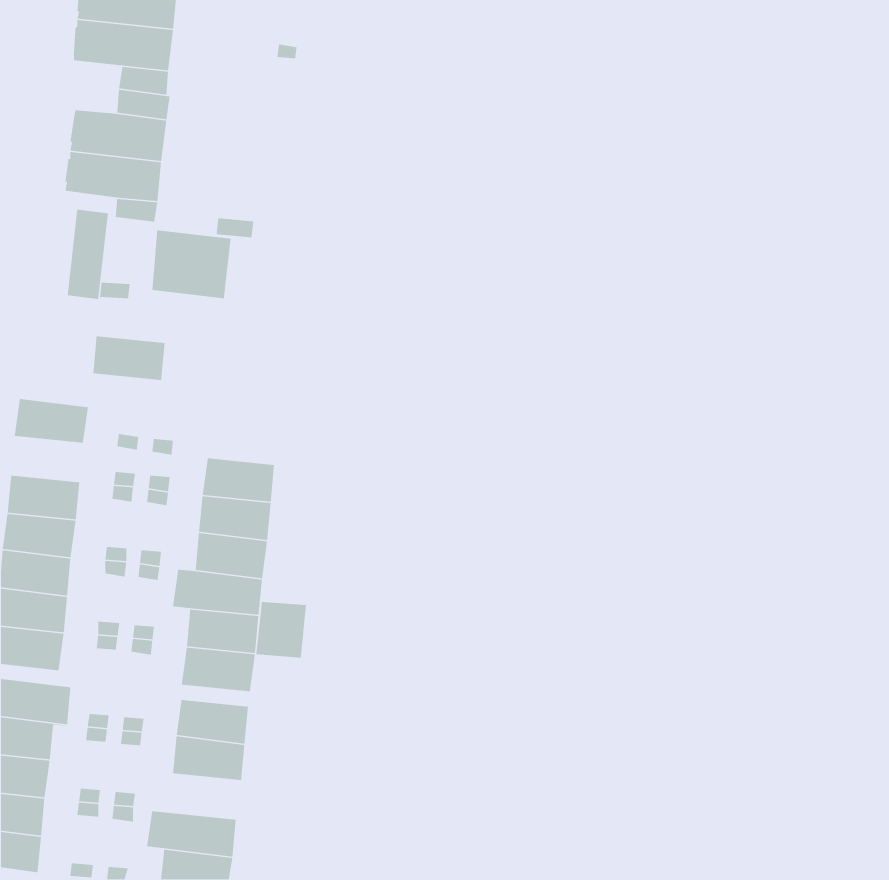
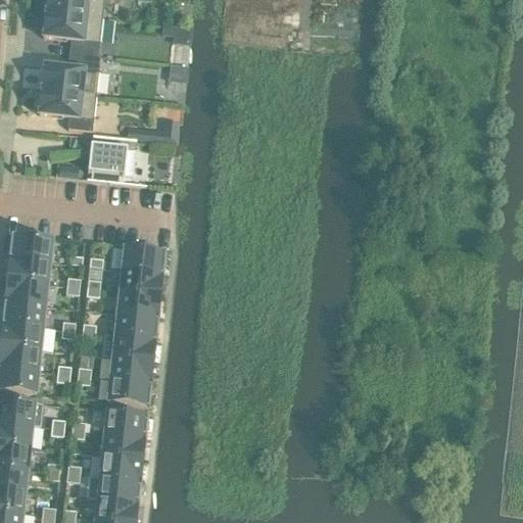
building: [67,209,109,300] -> none
building: [92,336,165,381] -> [6,256,49,283]
building: none -> [122,246,164,273]
building: [256,601,307,658] -> none
building: none -> [99,455,142,481]

